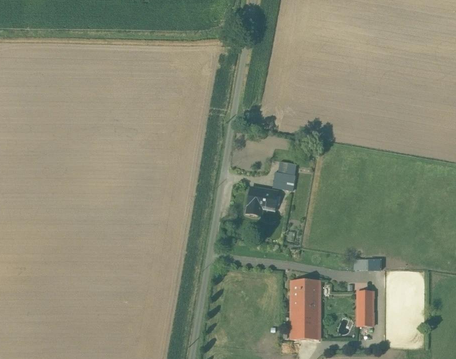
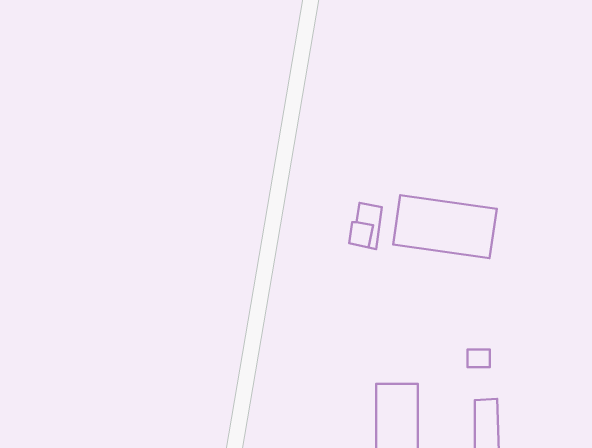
building: none -> [393,195,497,258]
building: [246,187,278,215] -> none

